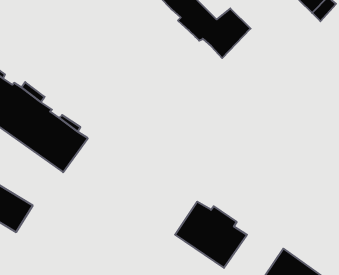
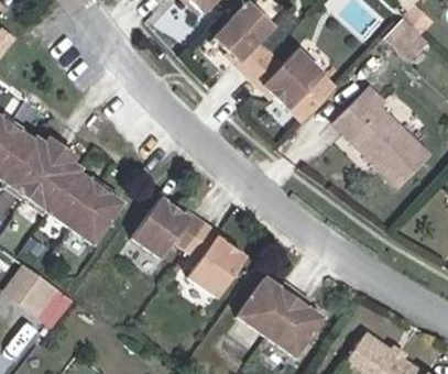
building: none -> [336,90,425,189]
building: none -> [129,204,242,301]

